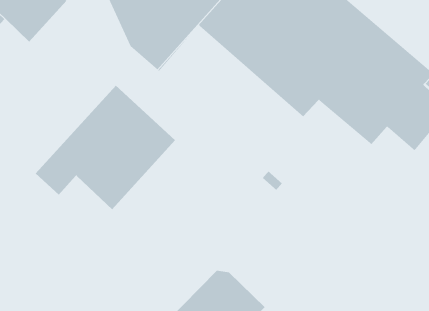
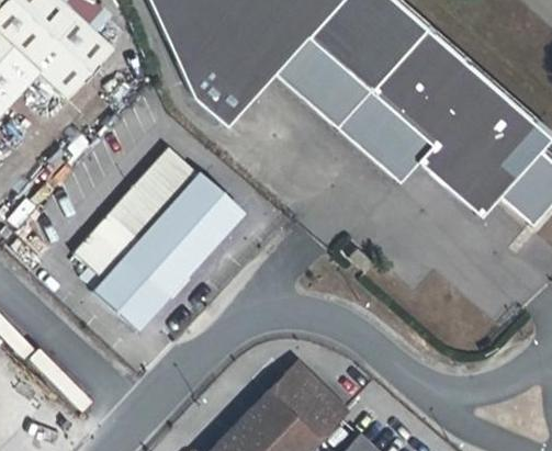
building: none -> [95,253,170,328]

